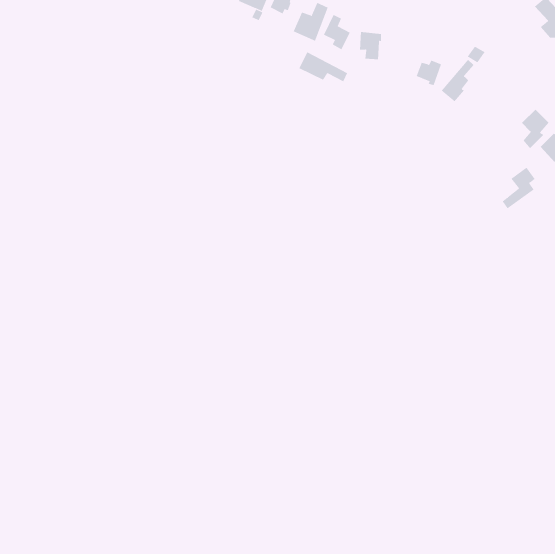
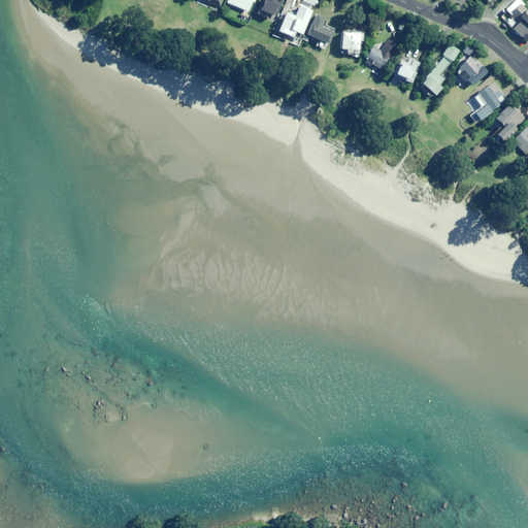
building: none -> [364,39,397,68]
building: [298,51,348,82] -> none
building: none -> [455,56,486,85]
building: [502,167,536,209] -> [470,81,502,122]

